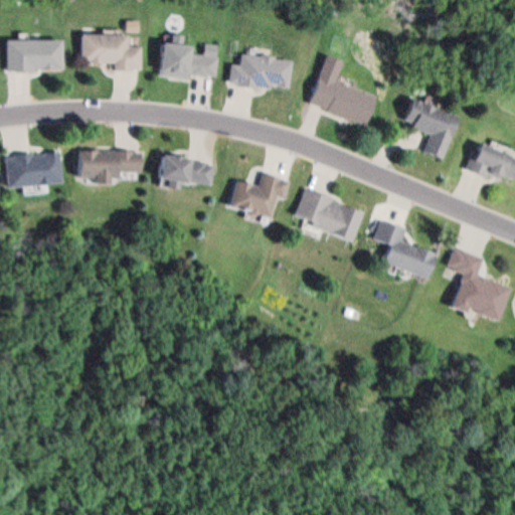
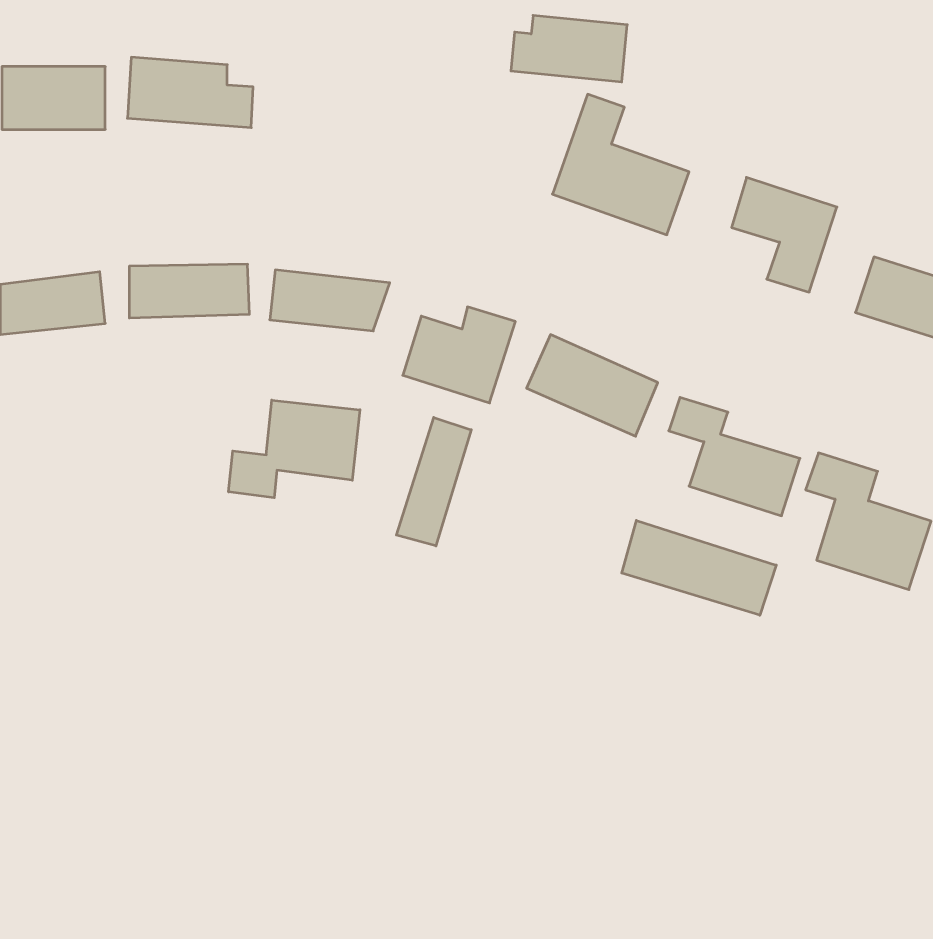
building: [157,42,221,83] -> none
building: [228,55,292,92] -> [511,15,627,82]
building: none -> [229,400,360,498]
building: none -> [396,417,471,546]
building: none -> [622,520,776,615]

